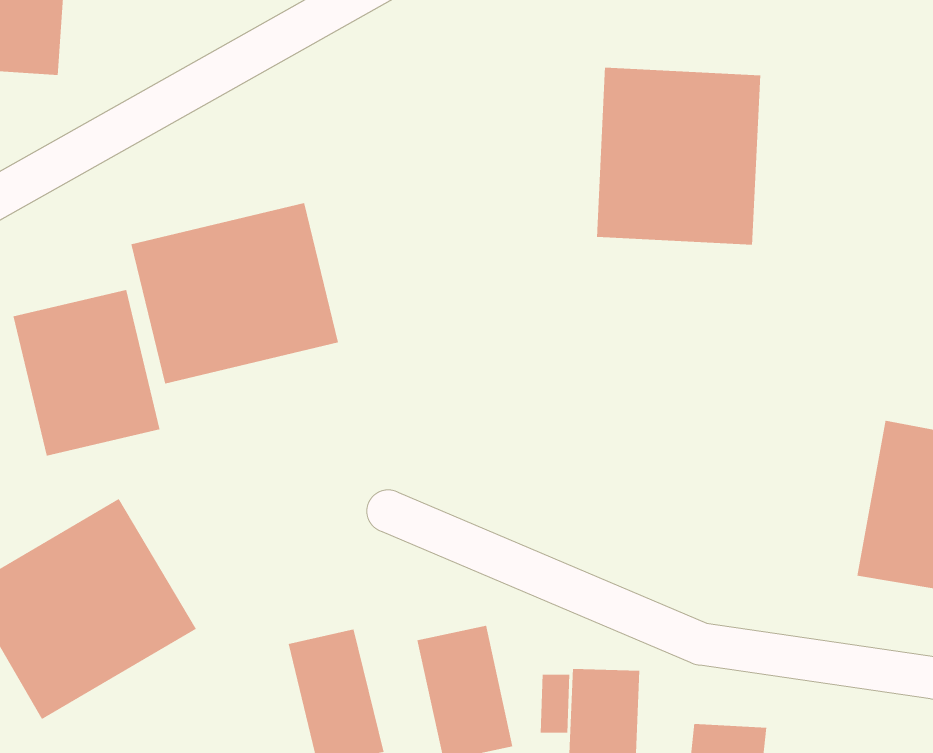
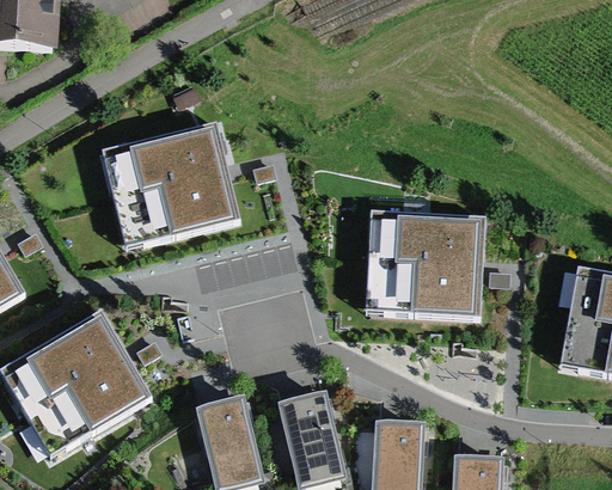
building: [596,67,761,245] -> none
building: [13,289,160,457] -> none
building: none -> [367,210,482,314]

